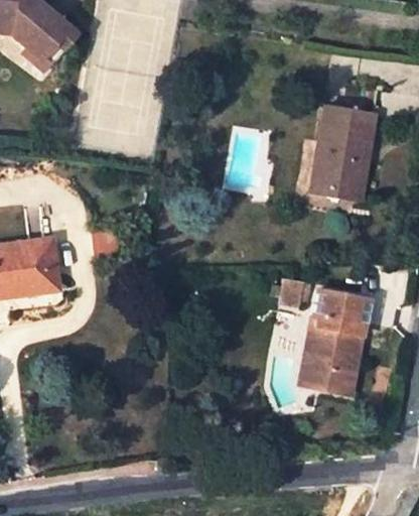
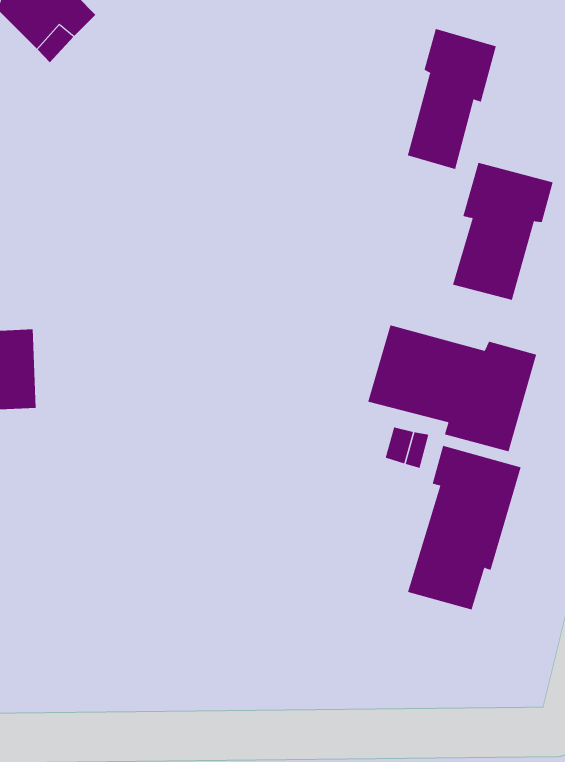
building: none -> [407,28,497,170]
building: none -> [368,324,537,452]

